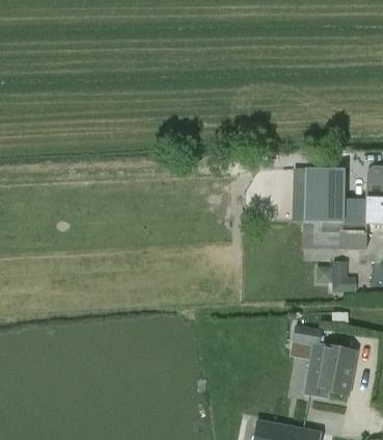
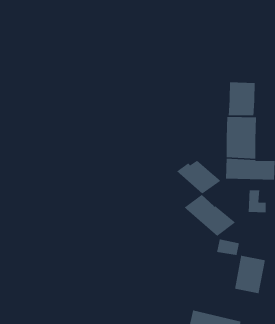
building: none -> [228,82,255,116]
building: none -> [176,160,236,237]

